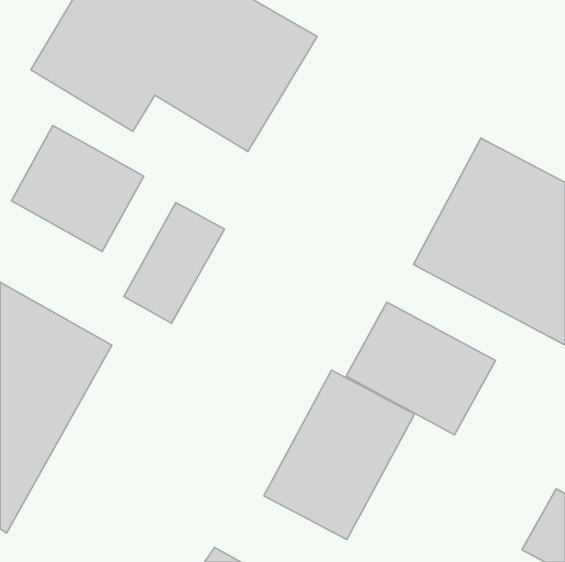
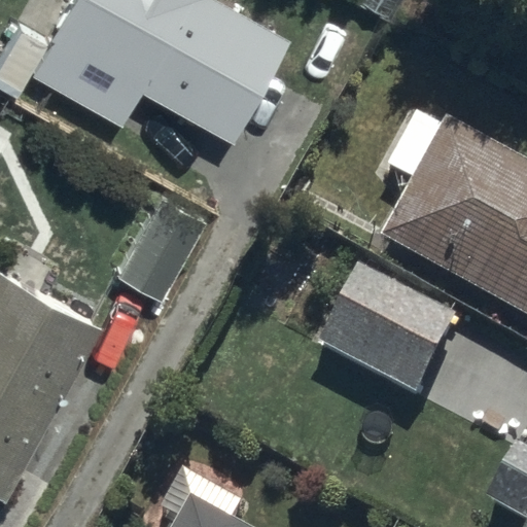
building: [12,125,144,252] -> none
building: [264,370,415,540] -> none

